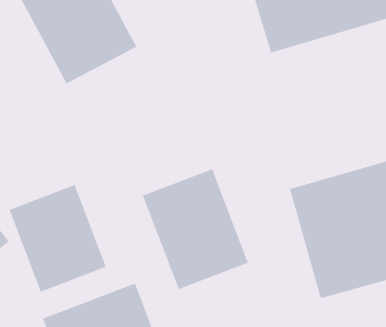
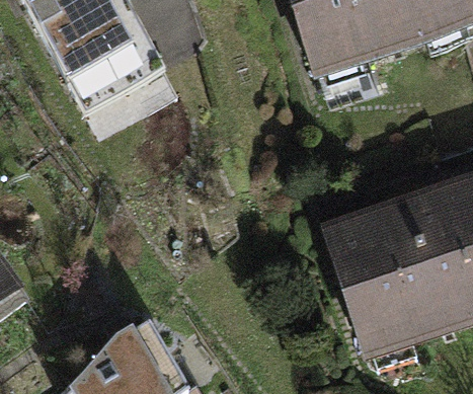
building: [142,168,249,290] -> none
building: [9,184,106,293] -> none

